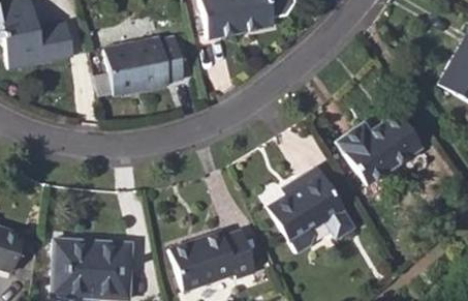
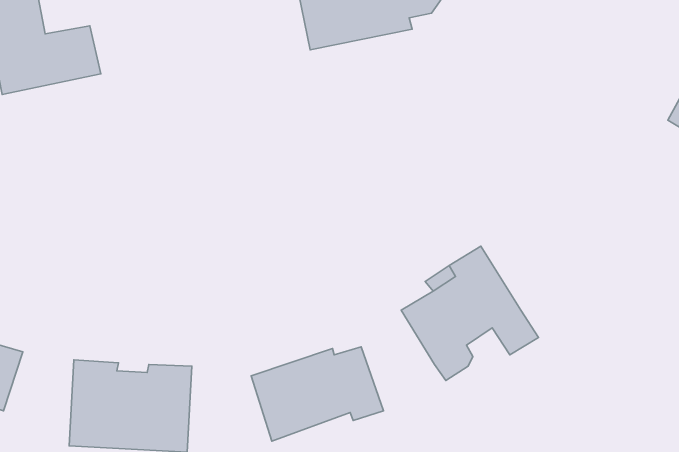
building: [105,35,185,95] -> none
building: [335,111,422,184] -> none

